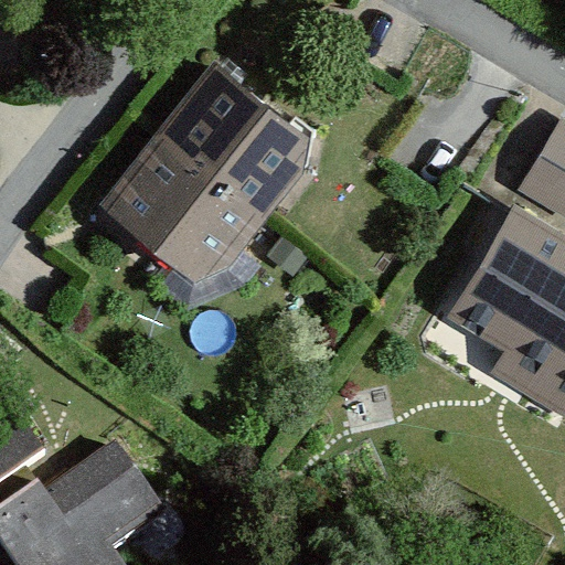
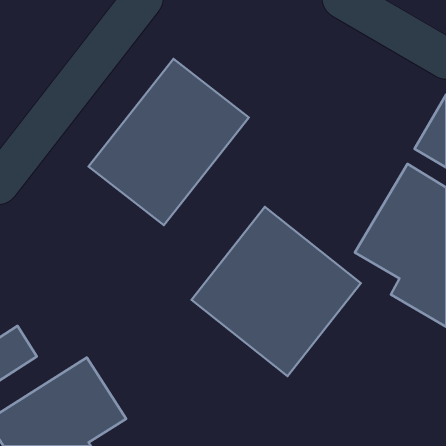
building: none -> [192,207,361,376]

